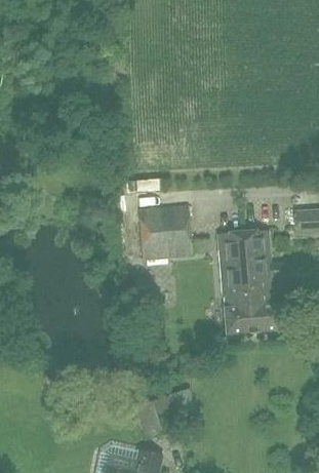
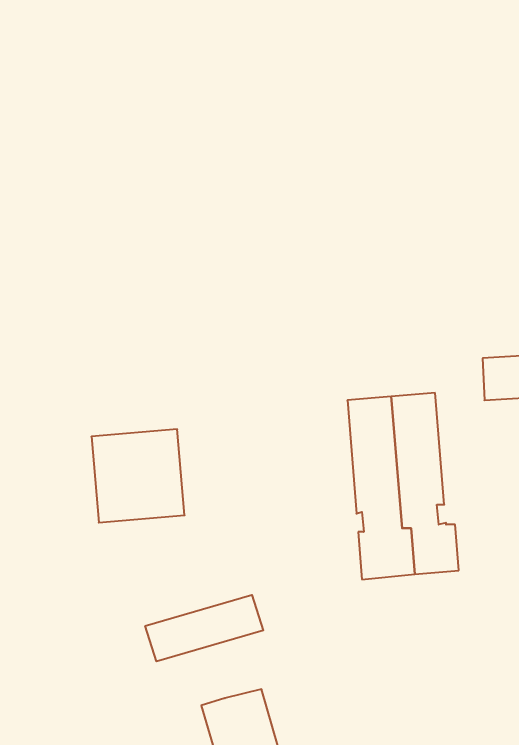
building: [139,204,192,257] -> [91,429,185,523]
building: none -> [145,595,263,661]

